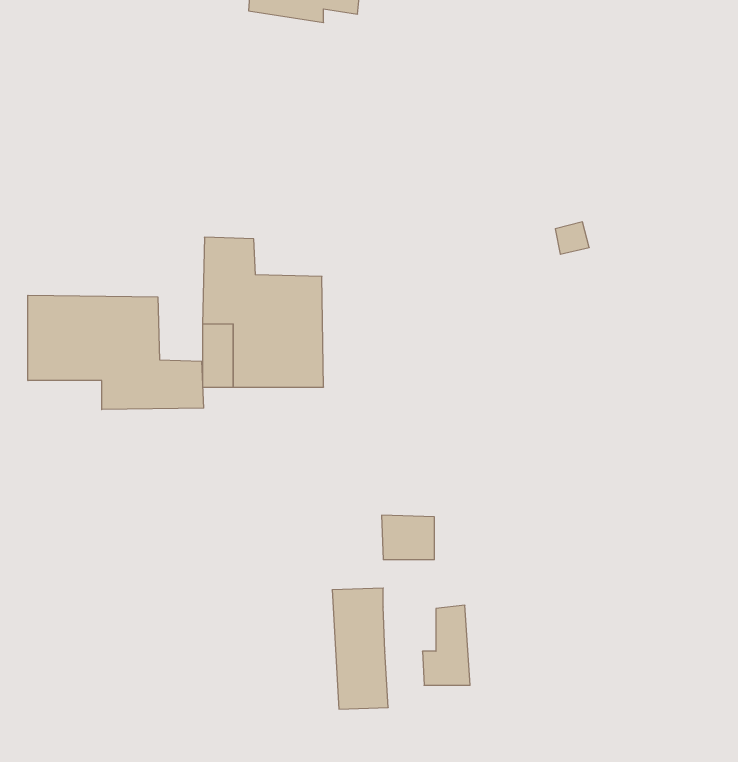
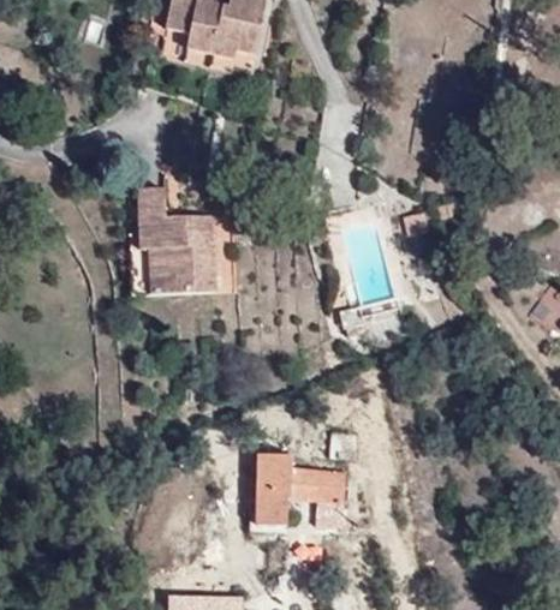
building: [28,295,204,410] -> none
building: [382,515,434,560] -> [279,464,316,495]

